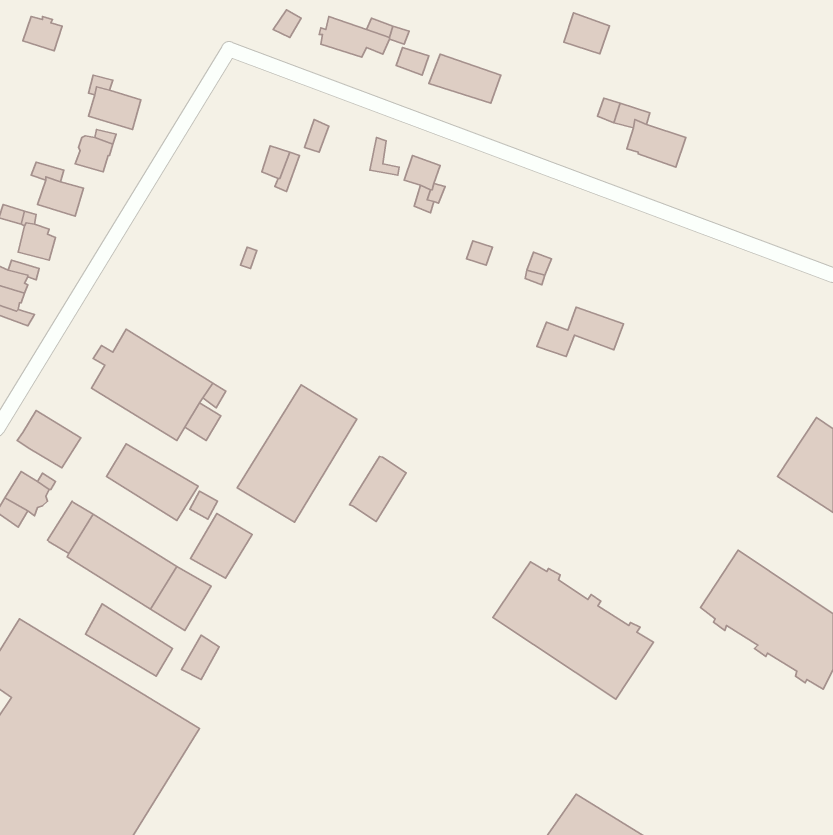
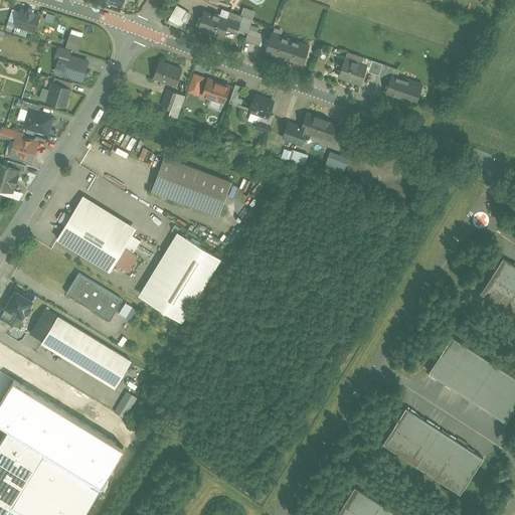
building: [564,13,610,54] -> [337,59,365,84]
building: none -> [152,62,180,87]
building: none -> [201,79,227,103]
building: none -> [151,157,229,216]
building: [537,307,624,356] -> [282,114,335,144]
building: [17,410,81,468] -> none
building: [350,456,406,521] -> none
building: [191,513,252,578] -> none
building: [493,562,653,699] -> [383,411,482,496]
building: [86,604,173,676] -> none

